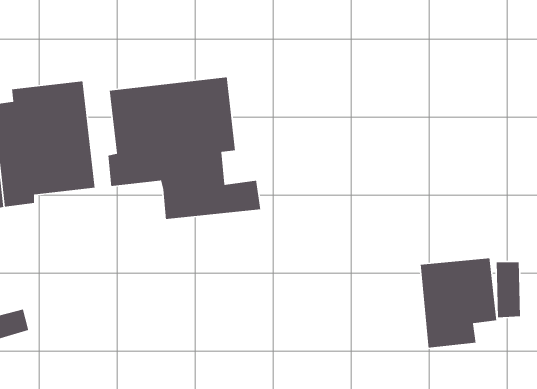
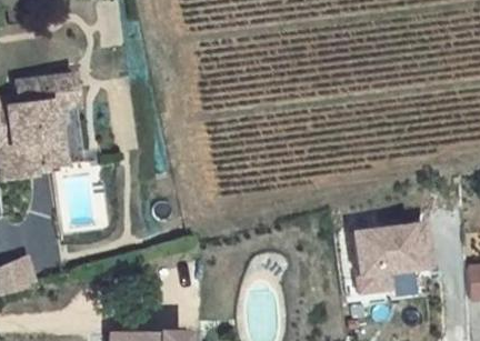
building: [107,77,261,220] -> none

